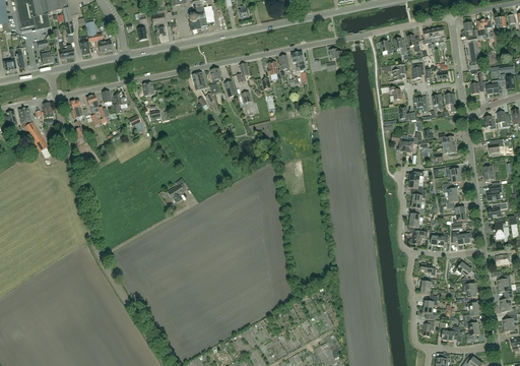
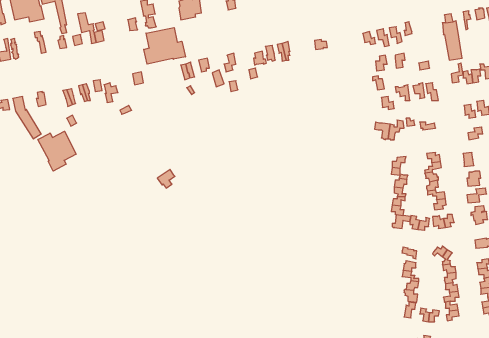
building: none -> [144,28,185,64]
building: none -> [38,131,76,171]

